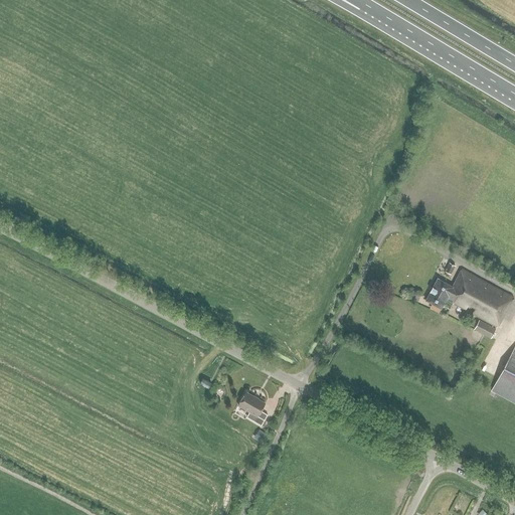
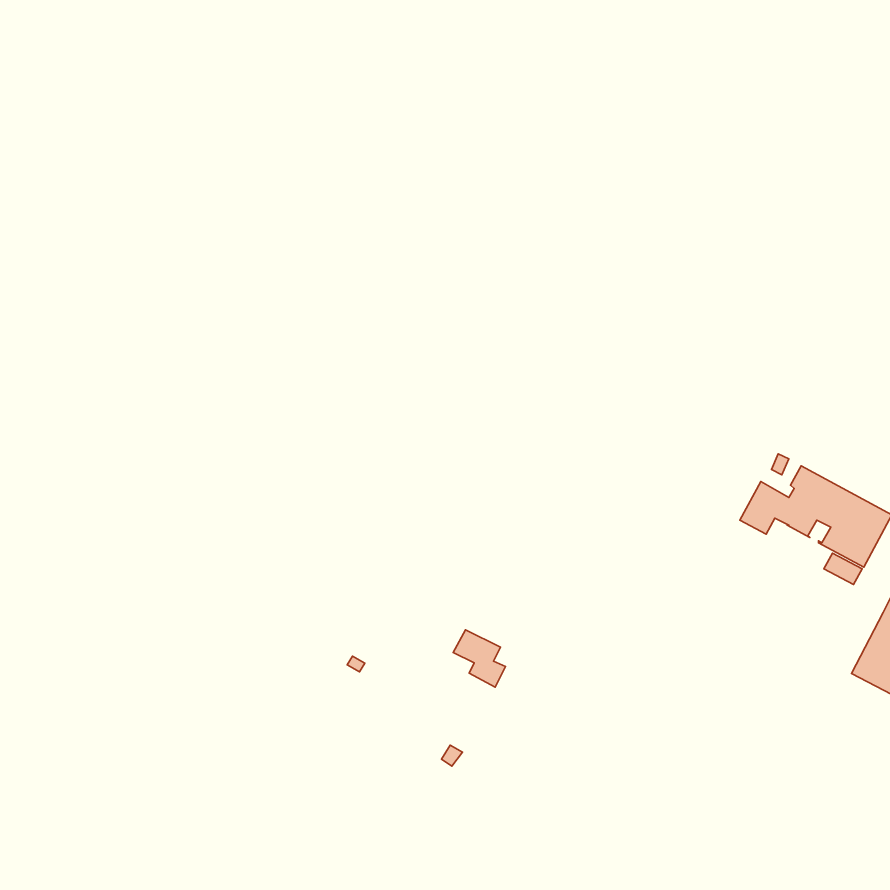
building: [237,391,268,424] -> [453,630,506,687]

